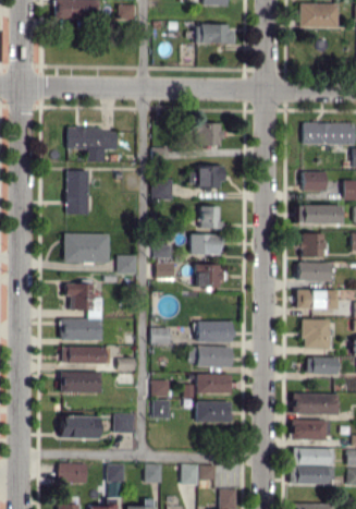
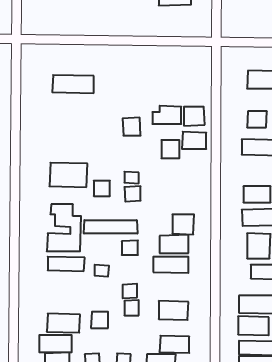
building: [197,123,222,146] -> [184,107,205,126]
building: [66,170,89,215] -> none
building: [191,233,220,254] -> [182,132,206,149]
building: [300,233,326,257] -> none
building: [196,264,222,288] -> [172,214,194,234]
building: none -> [84,220,137,234]
building: [61,372,100,392] -> [39,335,72,352]
building: [196,373,232,393] -> [159,336,189,353]

